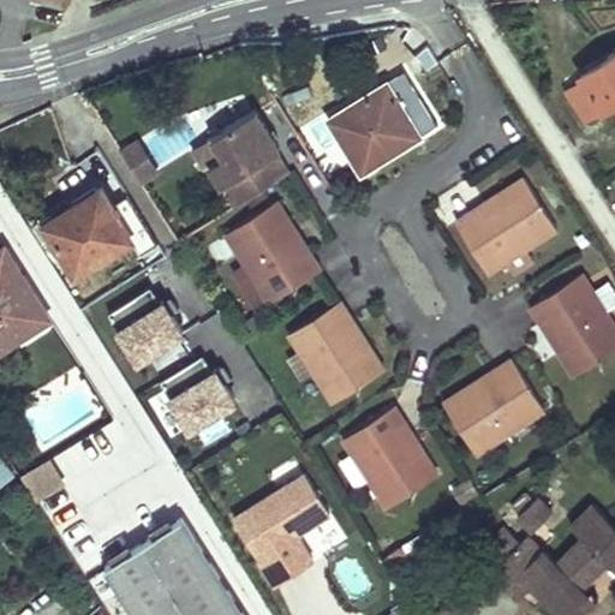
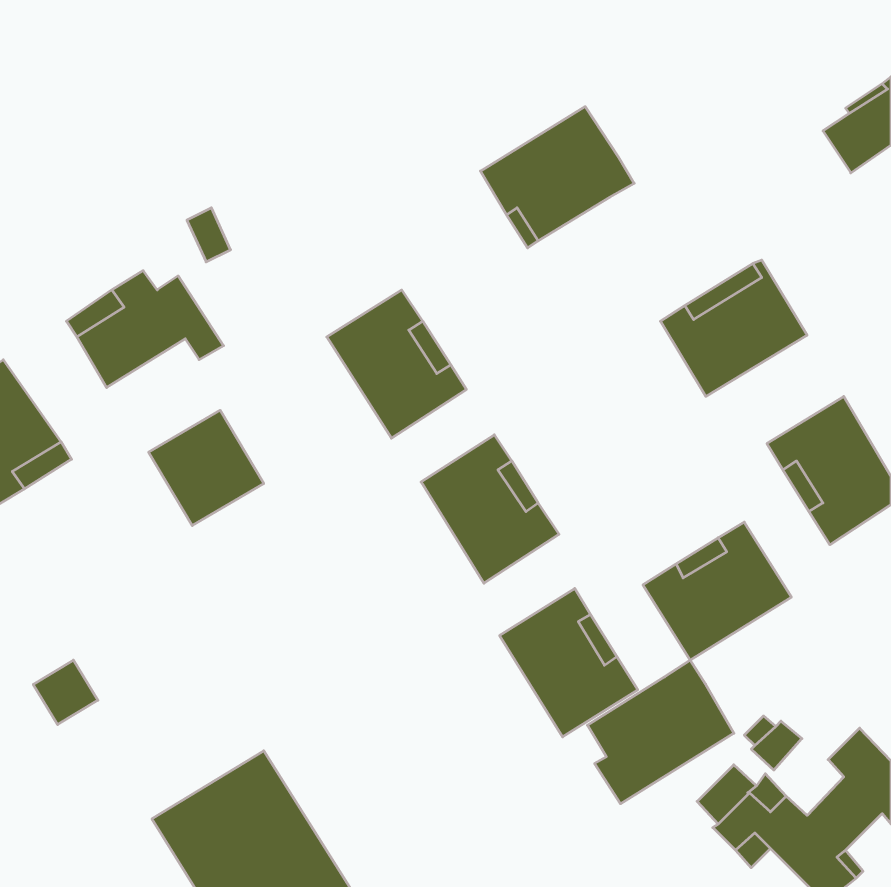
building: [210,112,288,207] -> none
building: [155,354,233,434] -> none
building: none -> [587,660,734,804]
building: [227,473,329,590] -> none

